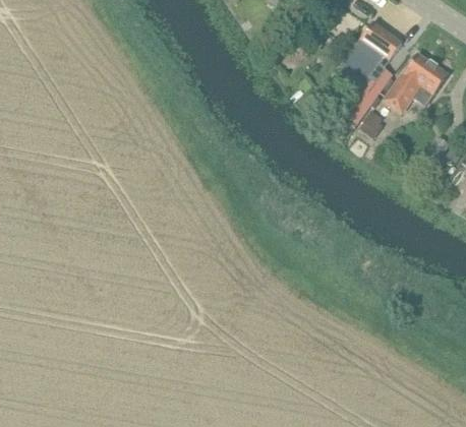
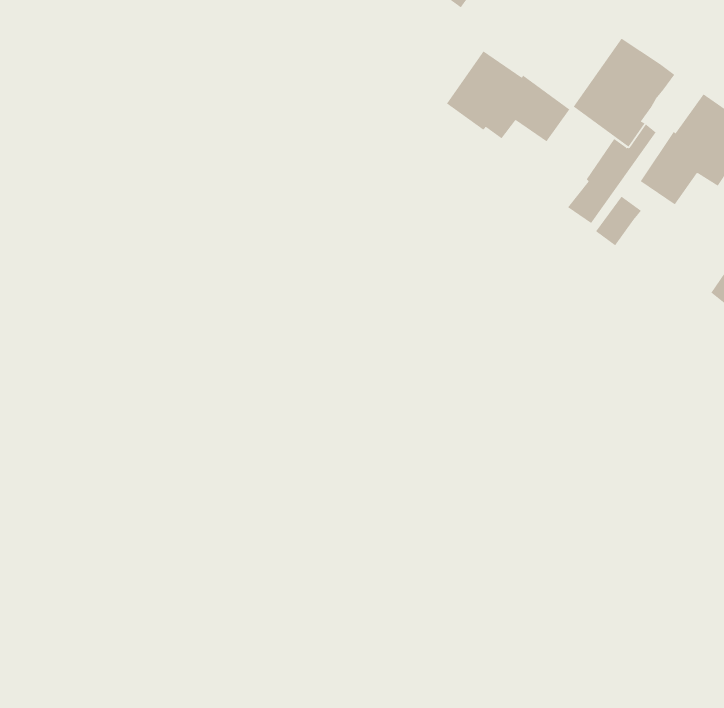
building: none -> [446,51,570,142]

